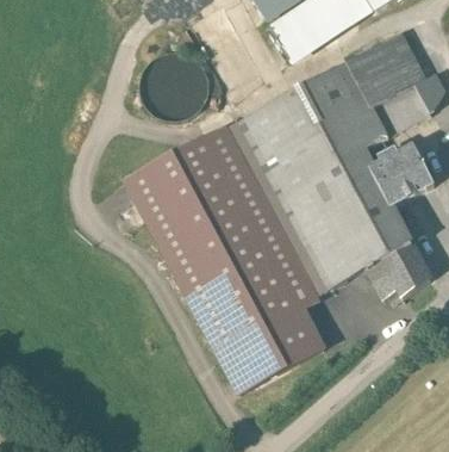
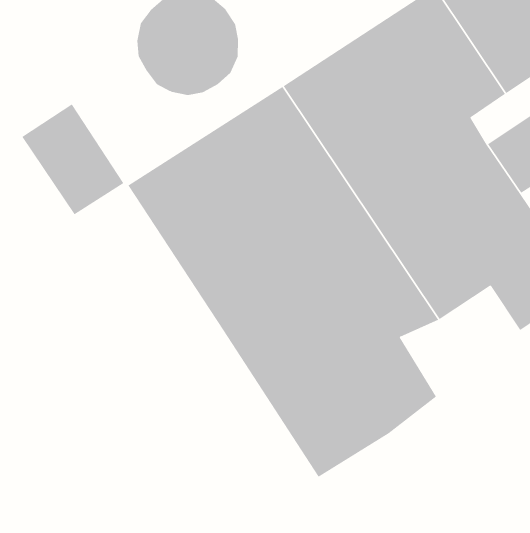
building: none -> [22,103,124,215]

